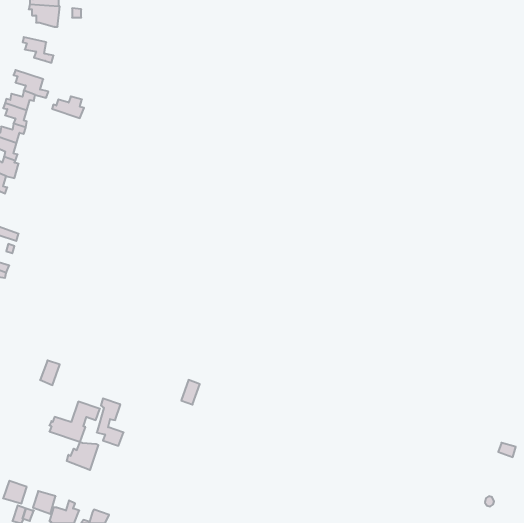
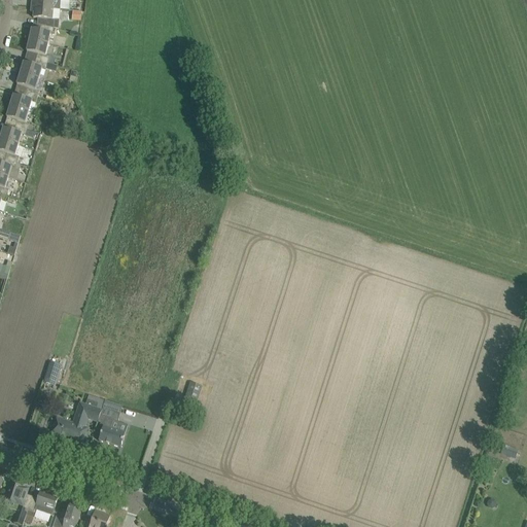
building: none -> [24,23,55,44]
building: [52,96,84,118] -> [15,58,47,79]
building: [67,442,98,470] -> none

